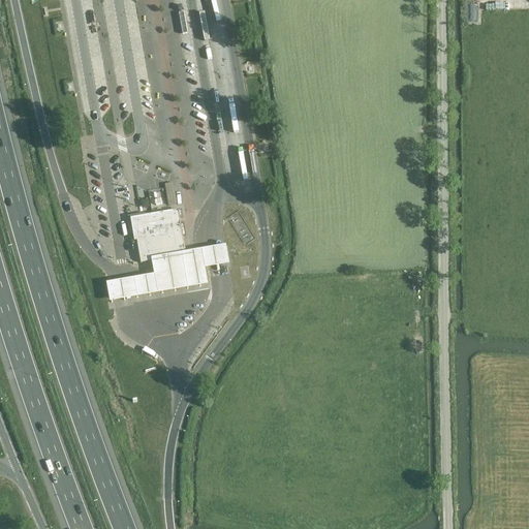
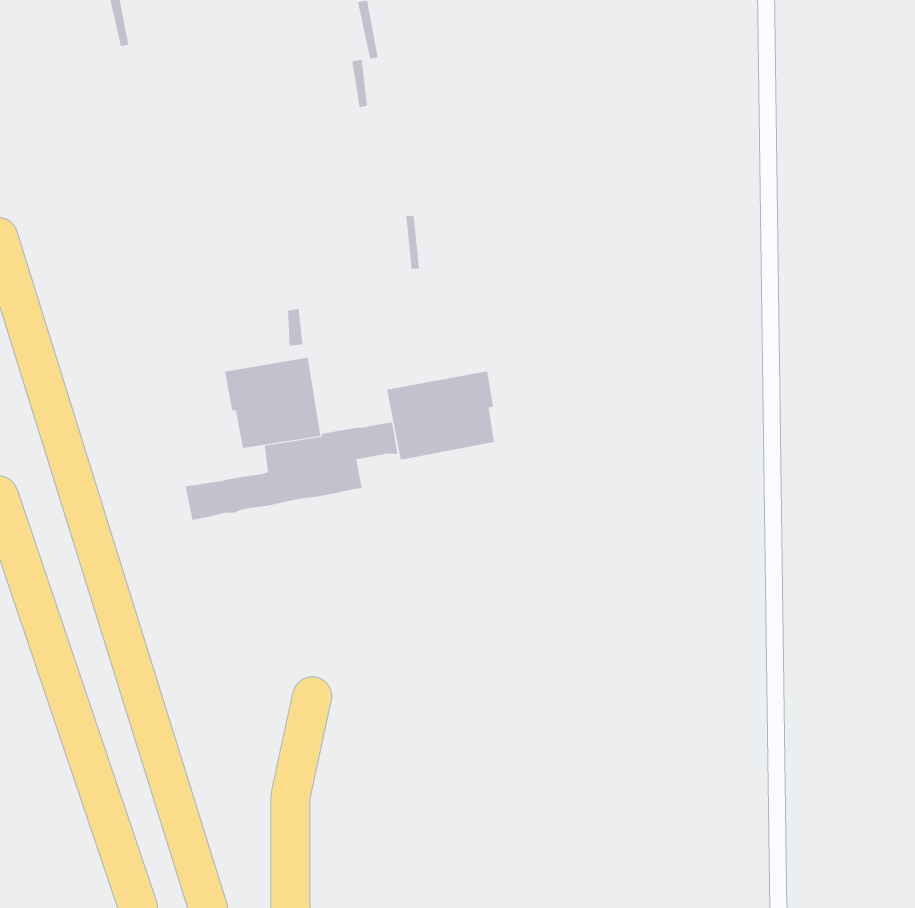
building: none -> [387,371,495,461]

